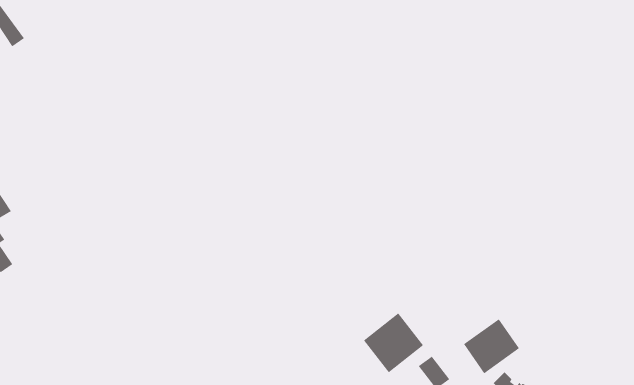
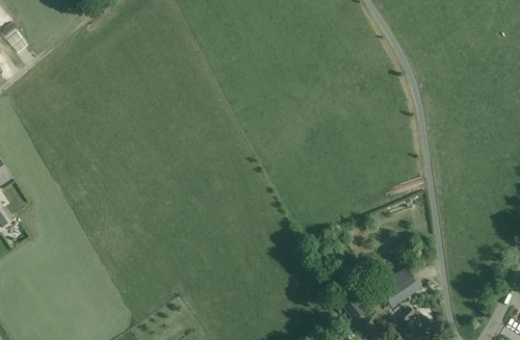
building: [363,312,424,373] -> none

